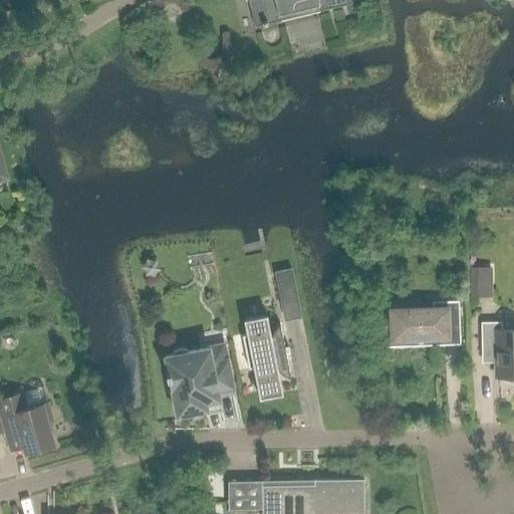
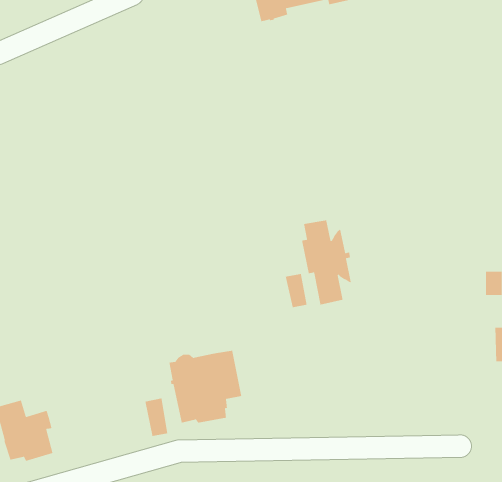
building: [380,301,460,367] -> none
building: [241,315,290,399] -> [301,219,352,305]
building: none -> [145,398,168,437]

